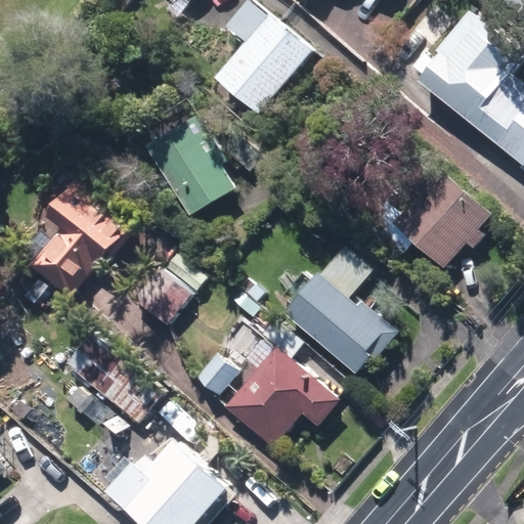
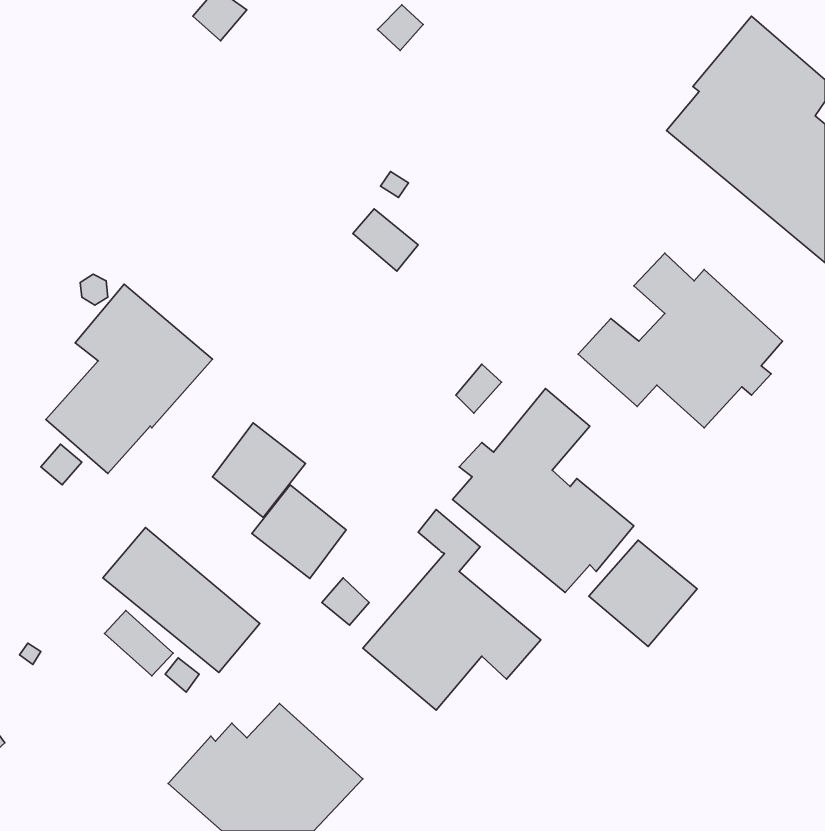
building: [215,13,312,113] -> none
building: [147,115,233,214] -> none
building: none -> [252,485,346,578]
building: none -> [589,540,697,647]

